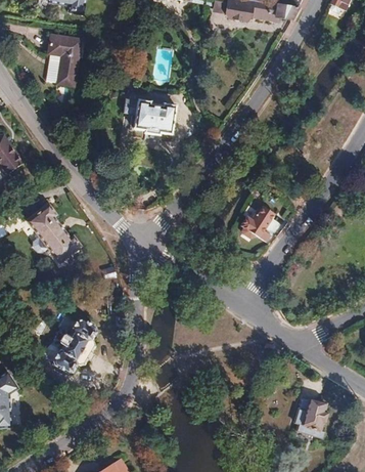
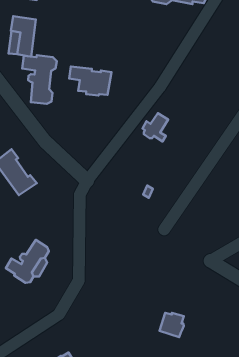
building: none -> [22,55,57,104]
building: [240,205,273,241] -> [142,113,168,142]
building: [295,399,326,430] -> [160,313,184,337]

